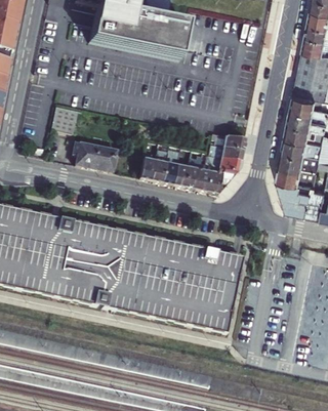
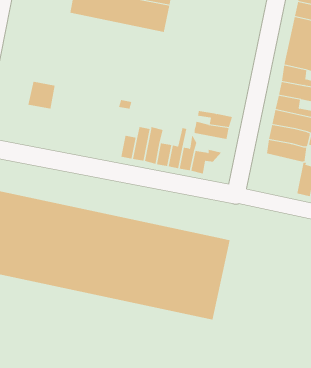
building: [74,138,117,169] -> none
building: [209,153,242,171] -> none
building: [279,172,314,210] -> none

